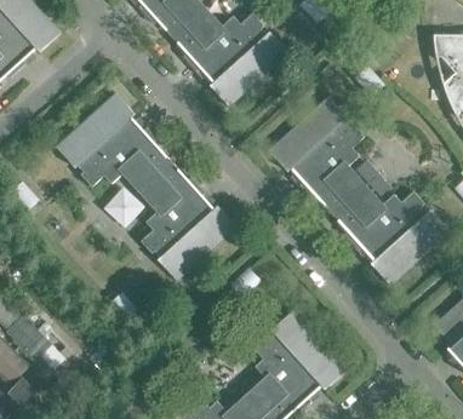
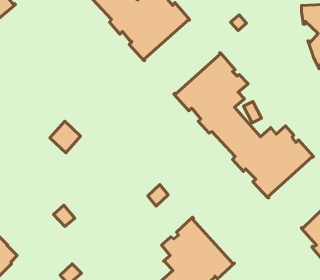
building: [55,91,236,280] -> none

